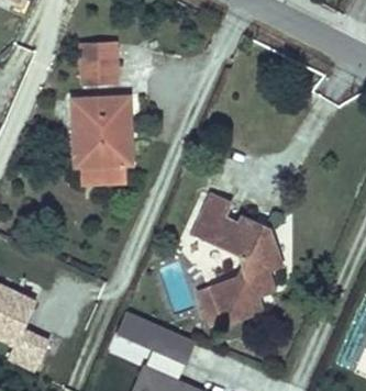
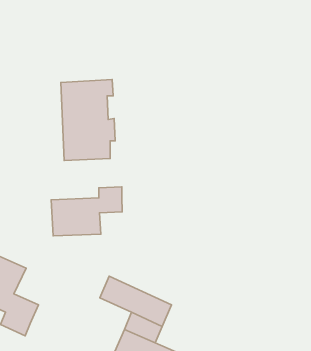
building: [81,46,118,86] -> none
building: [195,194,280,322] -> none
building: none -> [51,187,122,236]

